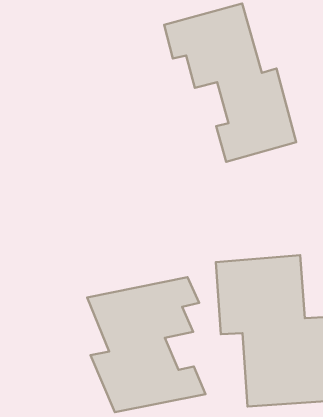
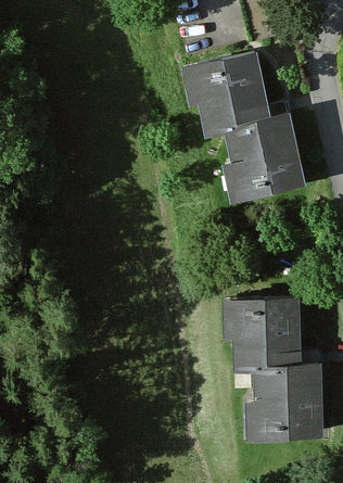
building: [87,277,206,412] -> none

